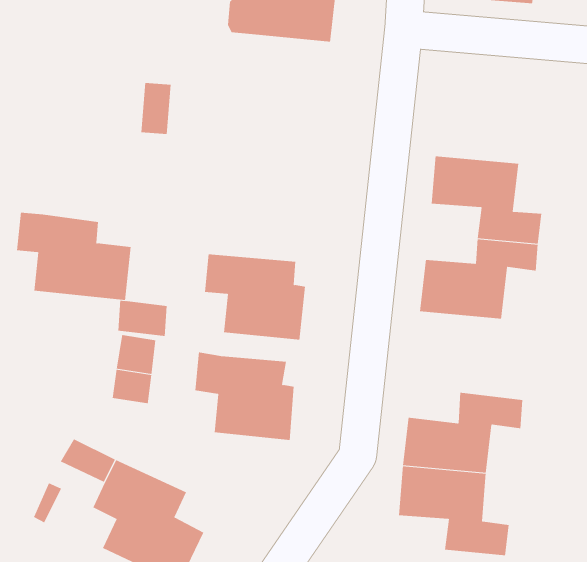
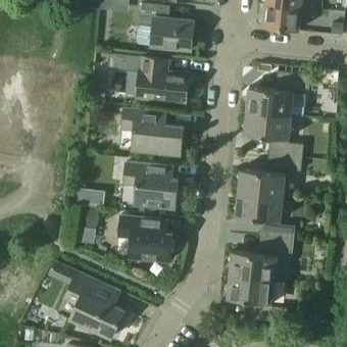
building: none -> [109,54,188,102]
building: none -> [246,71,310,114]
building: [16,212,132,301] -> [121,108,183,155]
building: none -> [235,193,294,240]

